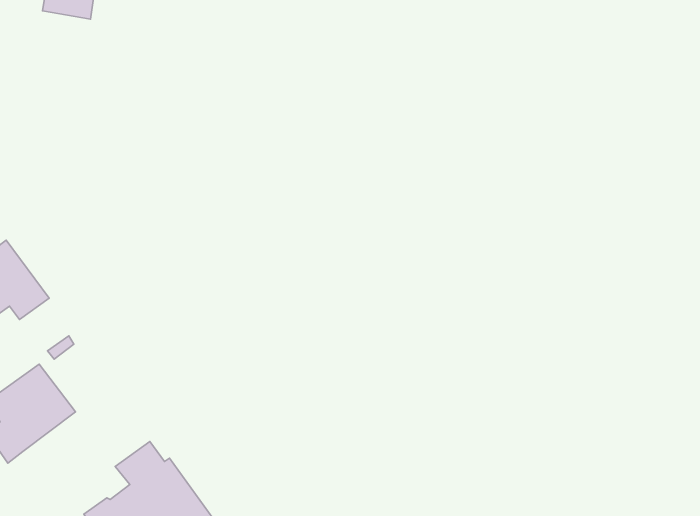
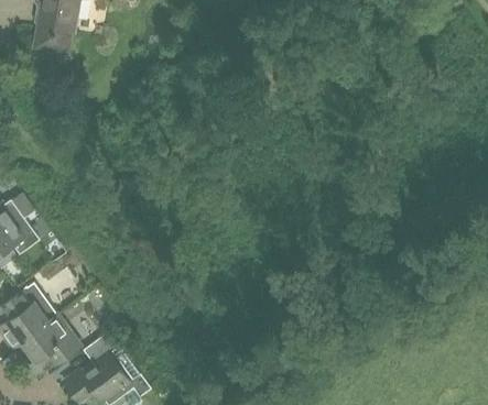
building: none -> [22,316,80,366]

